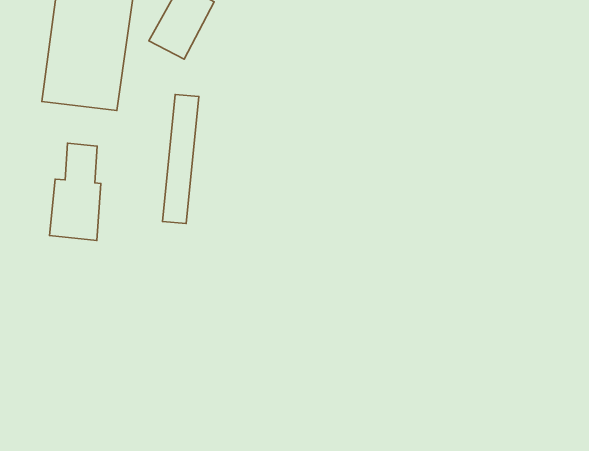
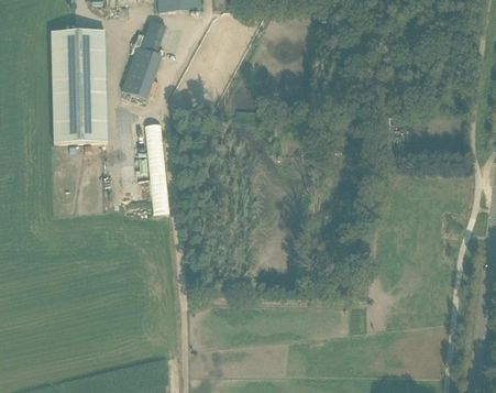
building: [49,143,101,240] -> none

